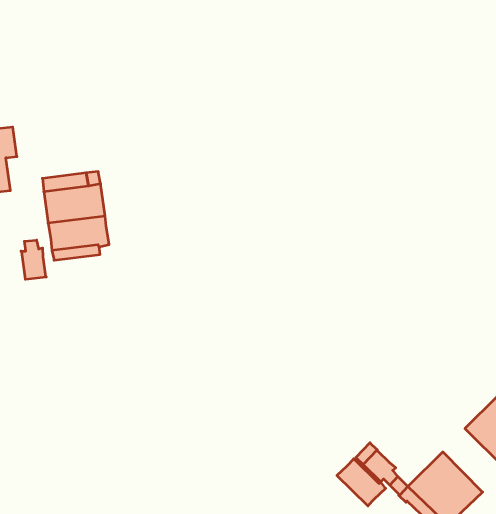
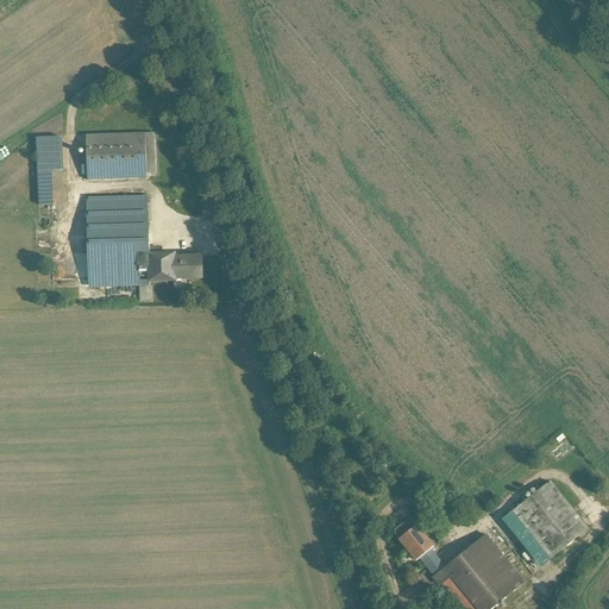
building: none -> [84,132,145,178]
building: none -> [149,253,201,281]
building: [21,240,46,279] -> none
building: [337,459,386,506] -> none

